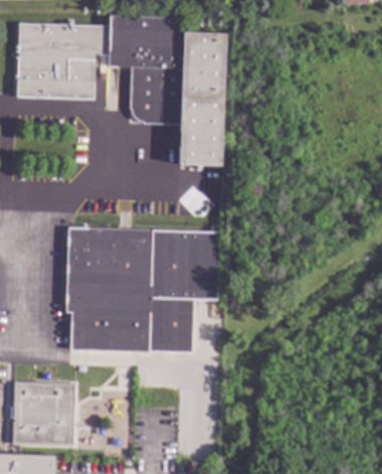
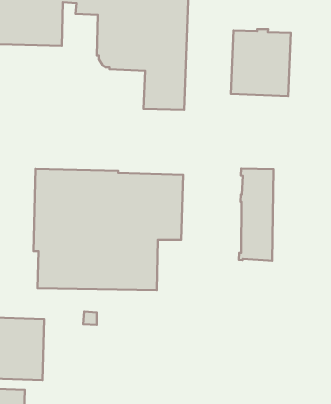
building: none -> [231,29,291,96]
building: none -> [239,168,274,261]

